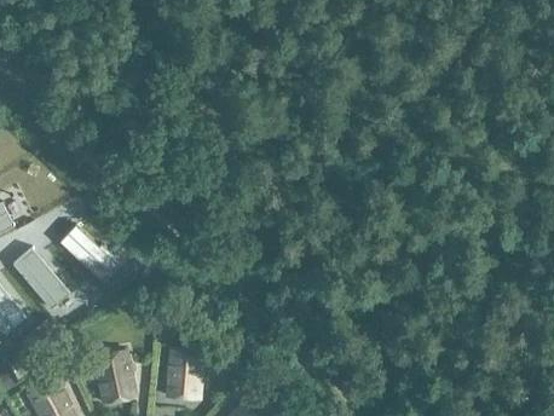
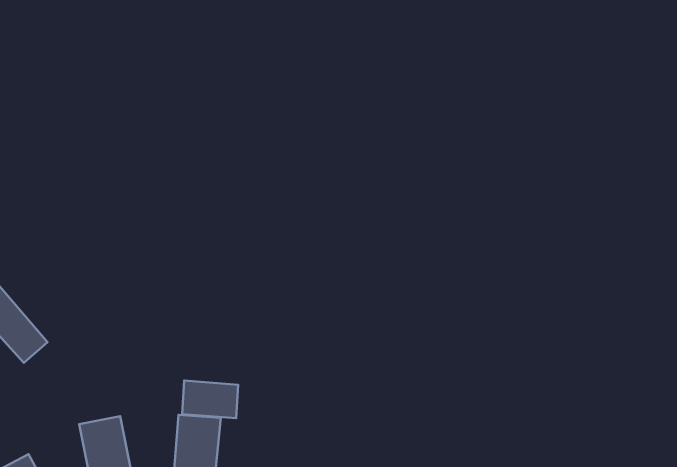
building: [58,225,116,281] -> none
building: none -> [182,381,238,418]

